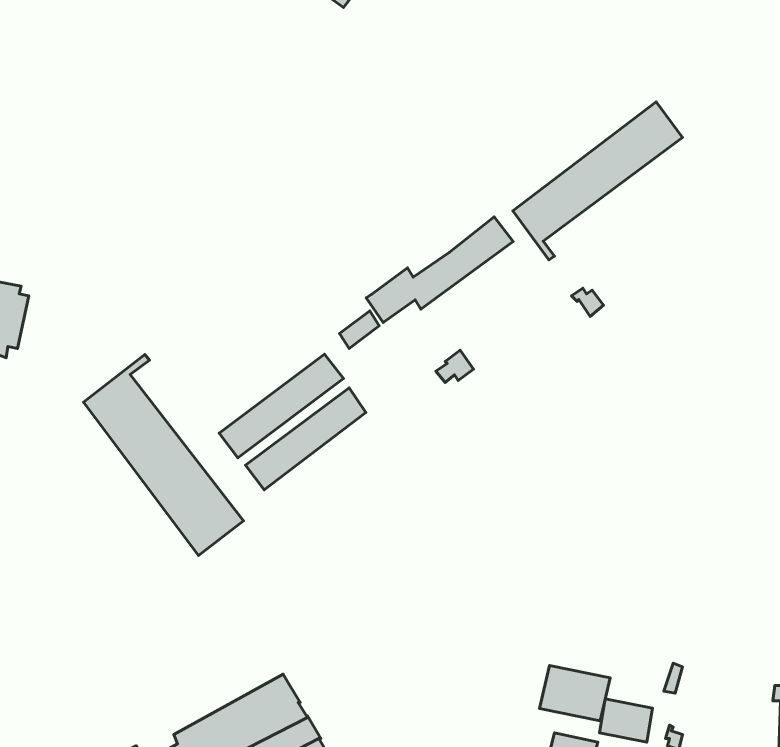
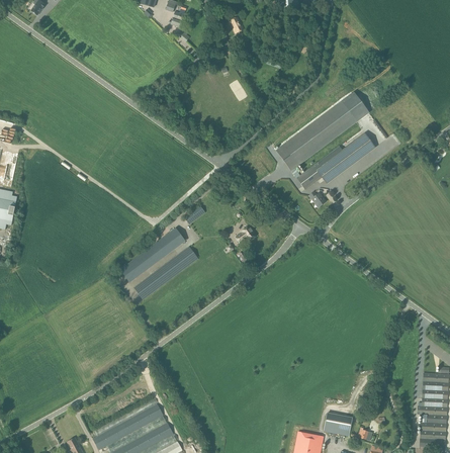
building: [366,217,513,322] -> [296,133,375,190]
building: [84,355,243,555] -> none
building: [539,666,610,721] -> none

